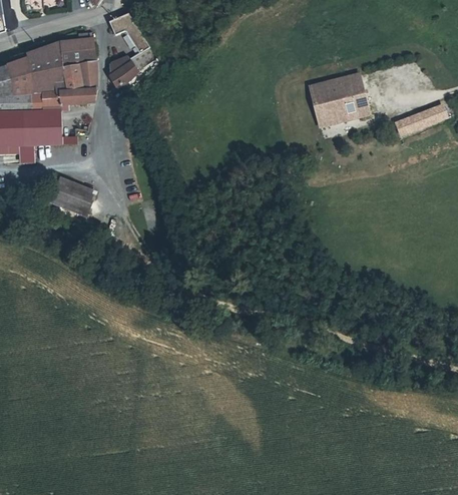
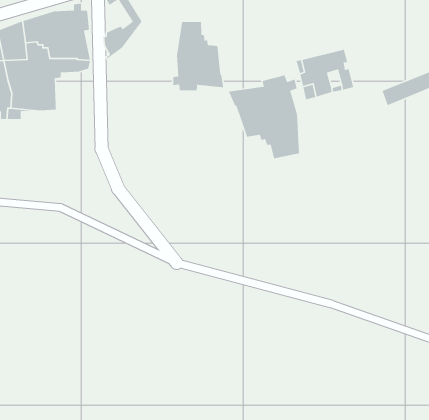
building: none -> [172,21,224,91]
building: none -> [228,74,300,159]
building: [49,174,94,214] -> none

